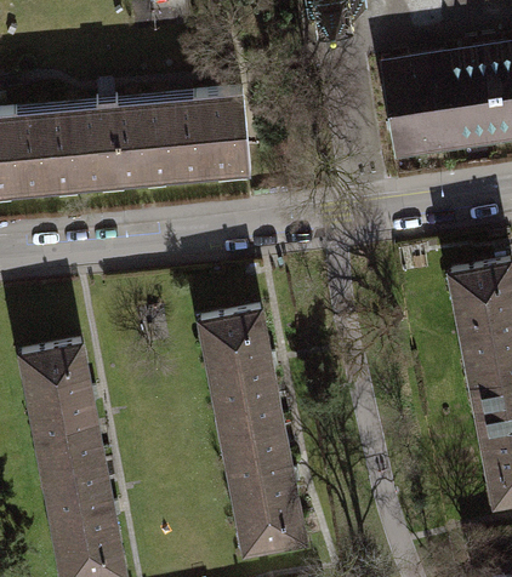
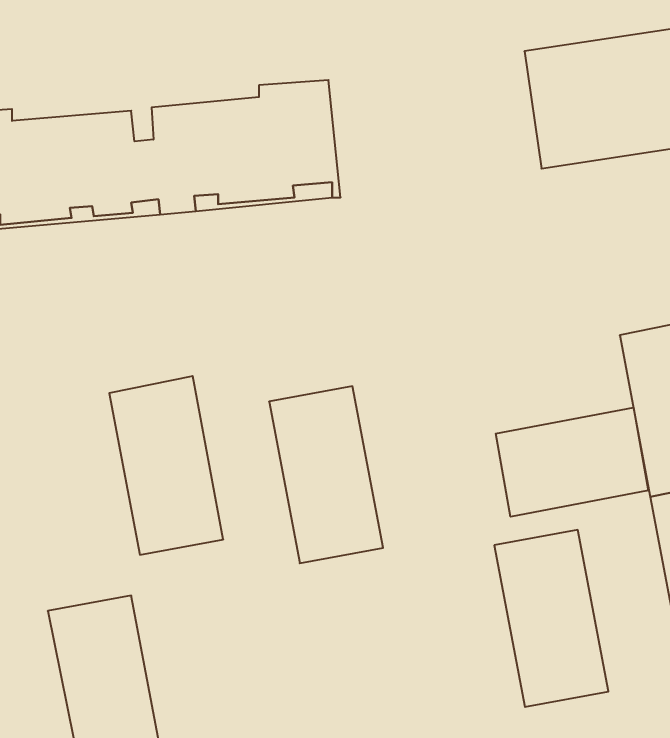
building: none -> [496,407,648,517]
building: [21,342,102,469] -> [109,376,223,555]
building: [222,424,303,550] -> [494,530,608,707]

